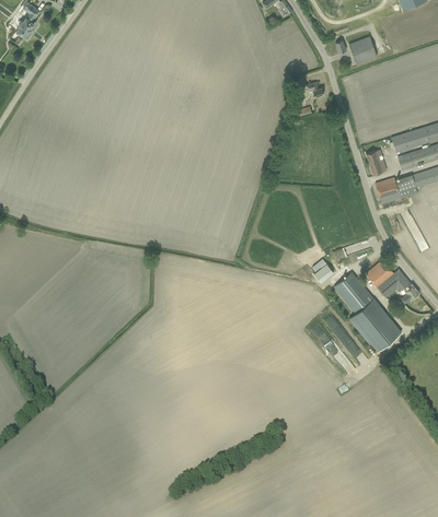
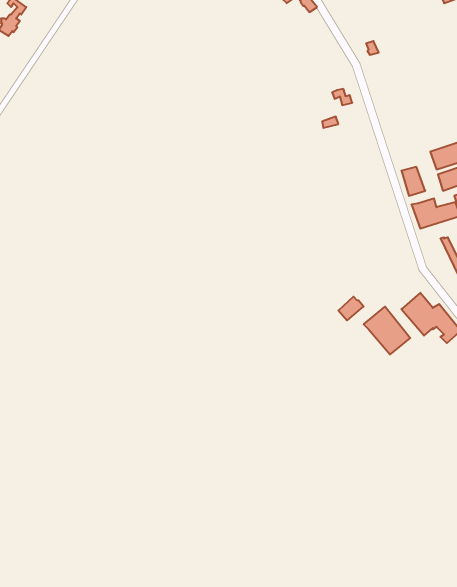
building: [348,36,377,63] -> none
building: [349,298,401,352] -> none

